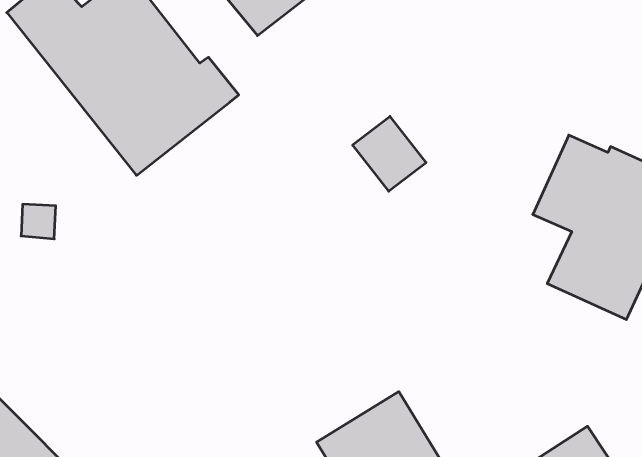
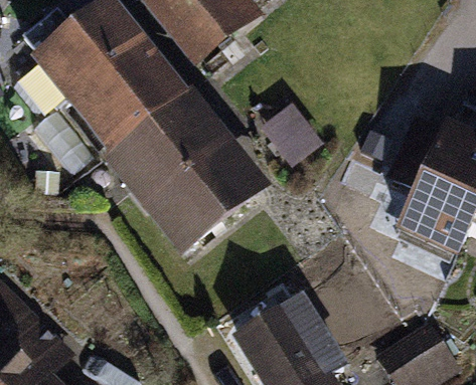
building: none -> [116,101,257,246]

